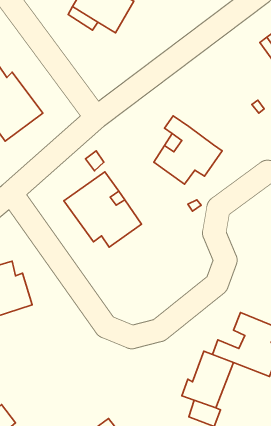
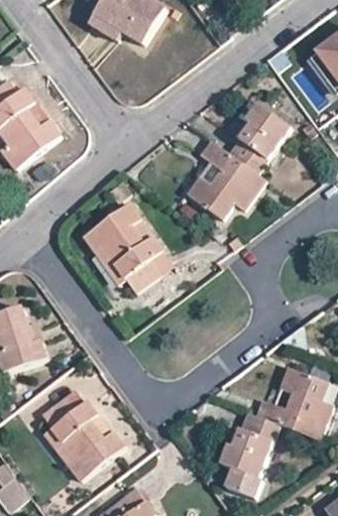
building: none -> [226,99,289,173]
building: none -> [40,390,122,480]

